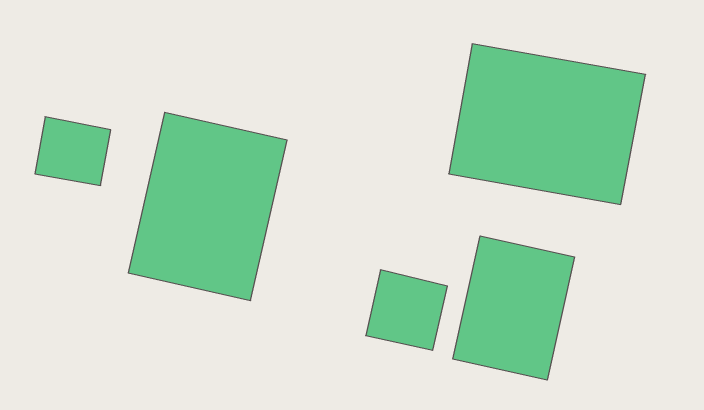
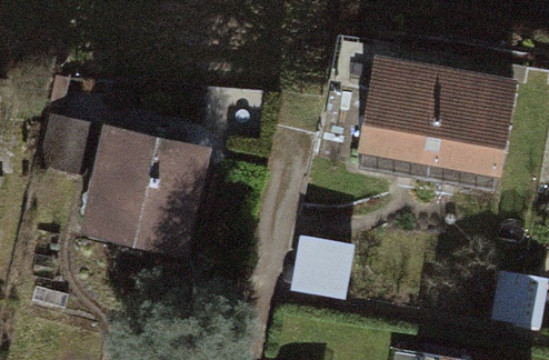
building: [453,236,574,380] -> none

